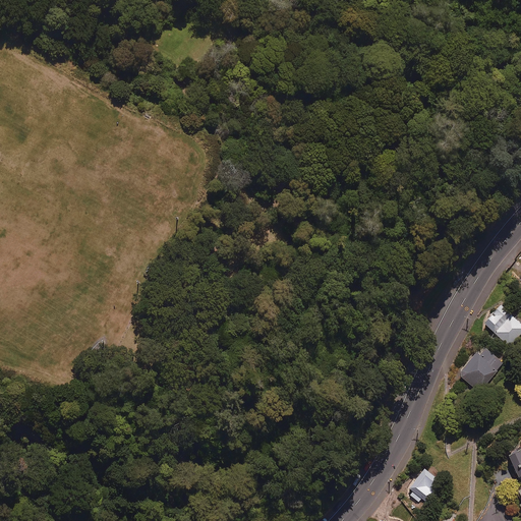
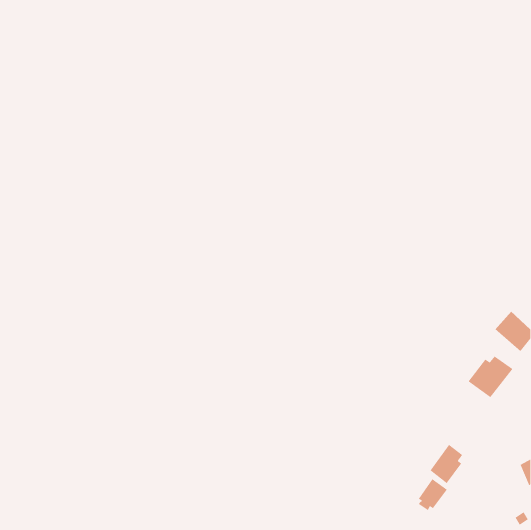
building: none -> [430,444,463,484]

